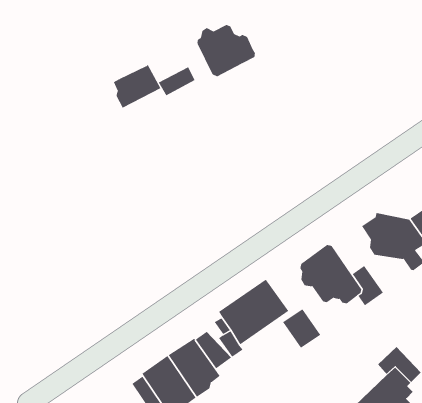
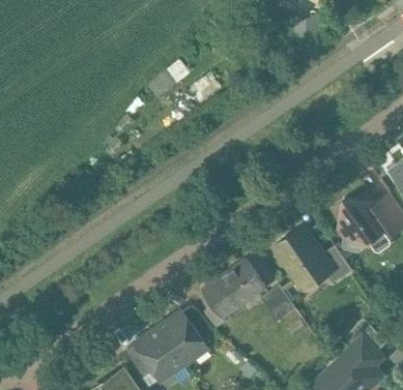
building: [197,24,255,77] -> none
building: [113,64,161,109] -> none

